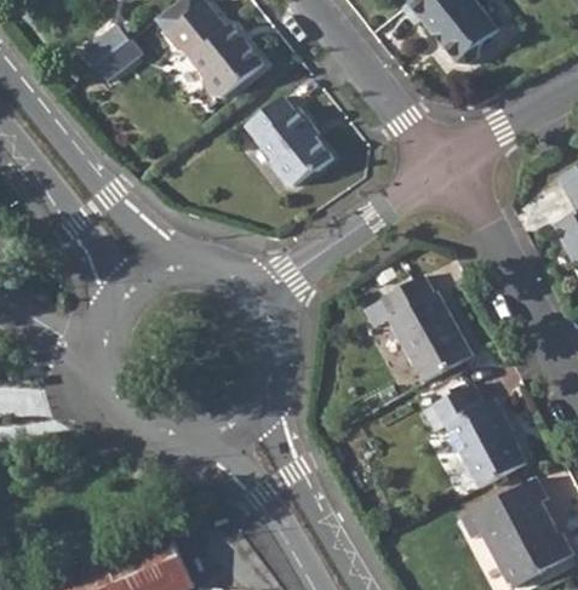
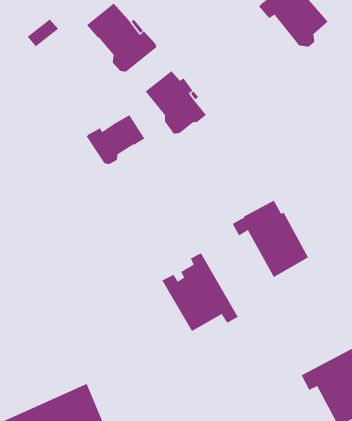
building: none -> [86,115,145,165]
building: none -> [162,252,238,332]
building: [423,384,525,487] -> none

